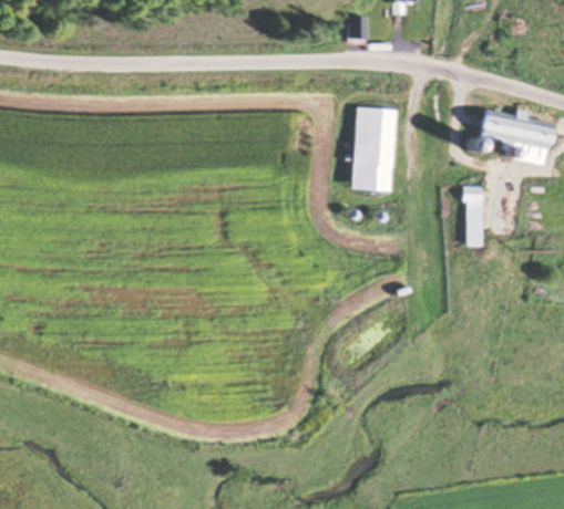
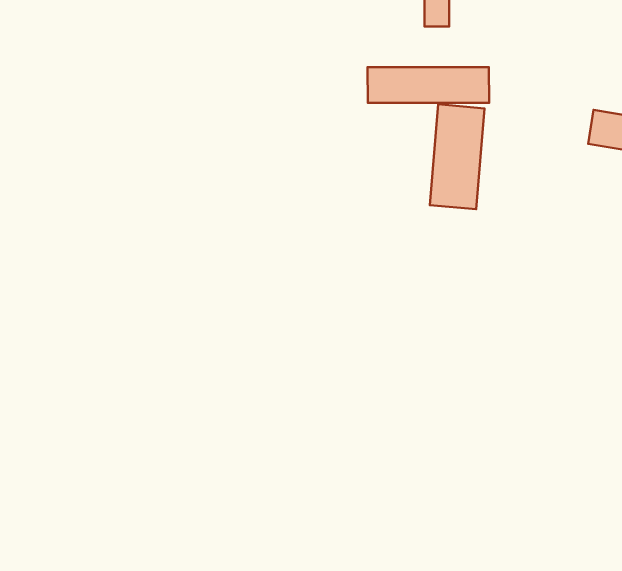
building: none -> [367,67,489,103]
building: [466,187,483,247] -> none

